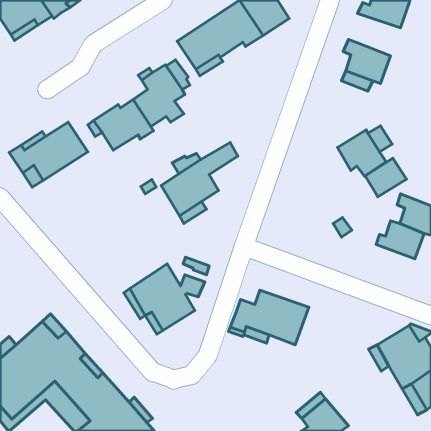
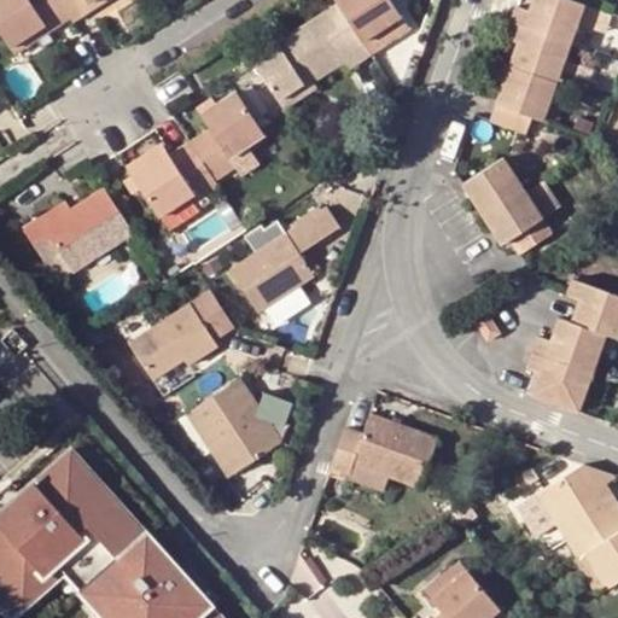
building: none -> [506,19,573,80]
building: [365,158,406,197] -> [465,156,524,211]
building: none -> [127,288,233,377]
building: none -> [531,350,594,410]

